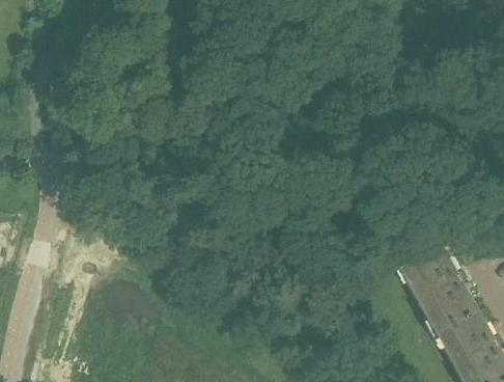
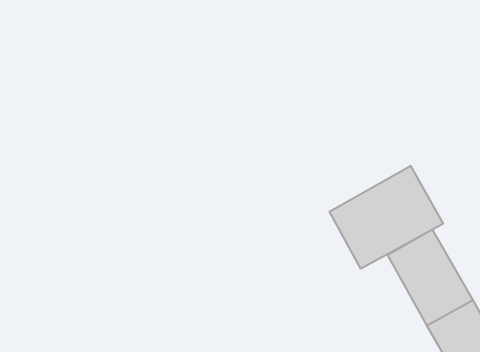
building: none -> [330,166,443,269]

